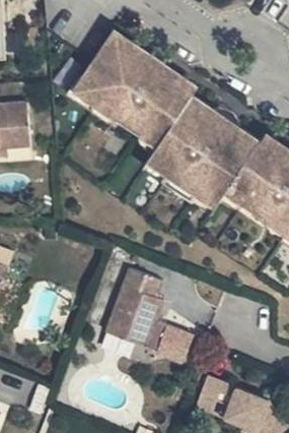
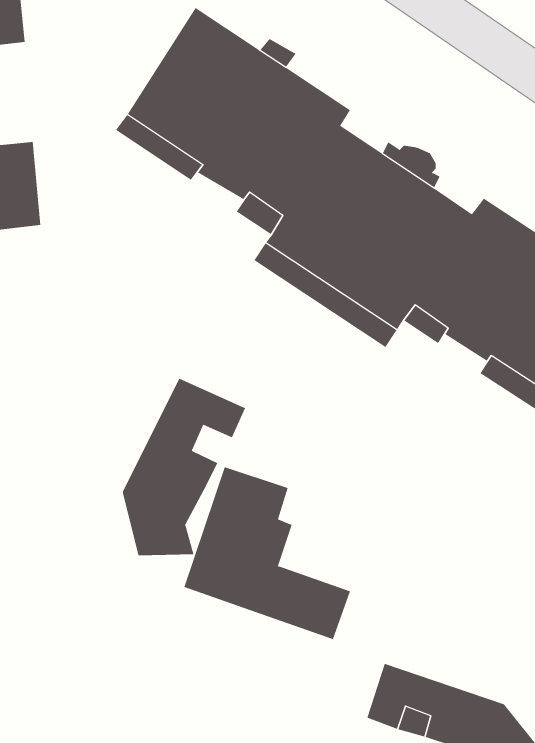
building: none -> [122,378,246,556]

